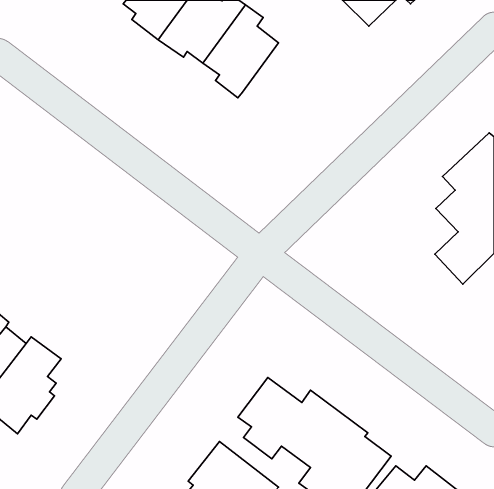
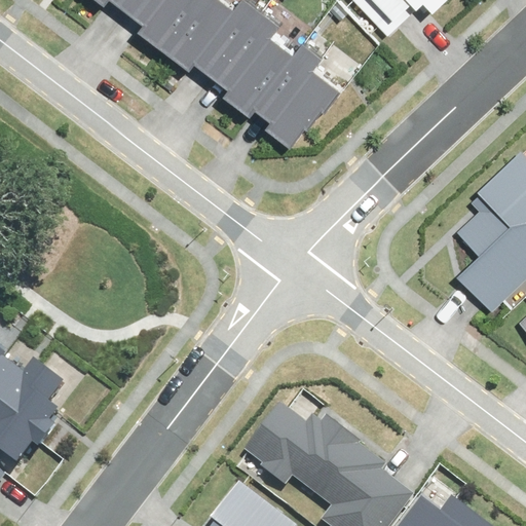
building: none -> [257,43,340,144]

